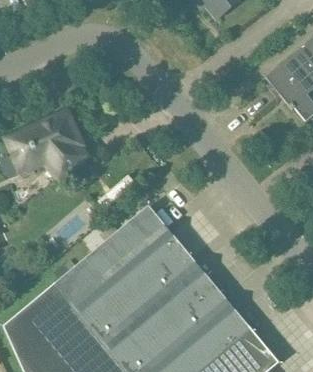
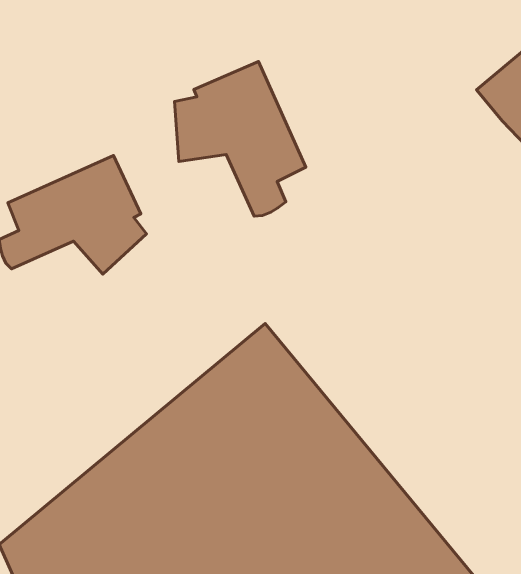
building: none -> [174,61,306,216]

